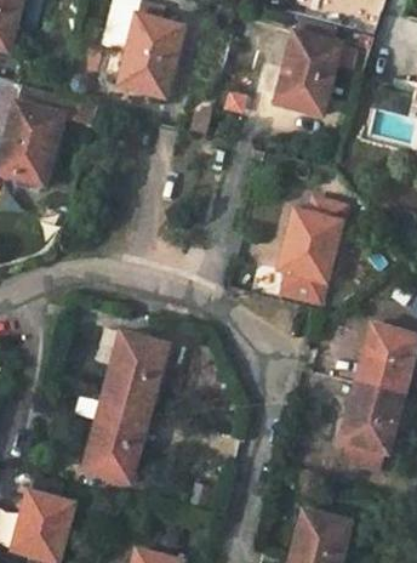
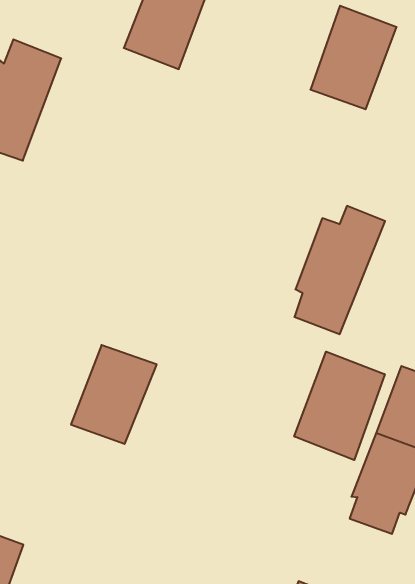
building: none -> [294,352,385,460]
building: [82,399,148,479] -> none

